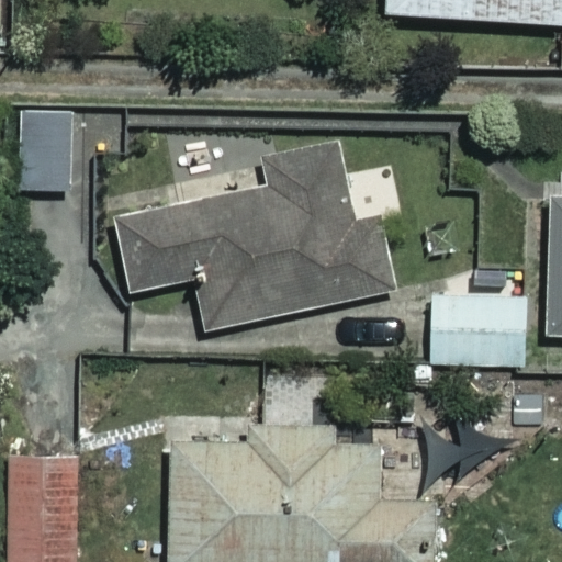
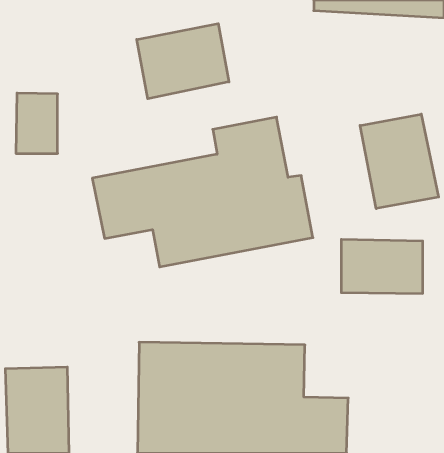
building: none -> [137,24,229,99]
building: none -> [360,114,439,209]

